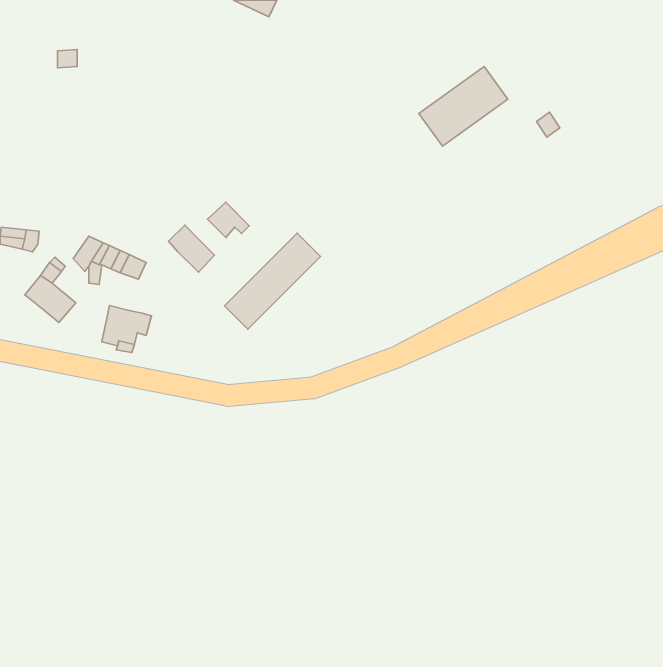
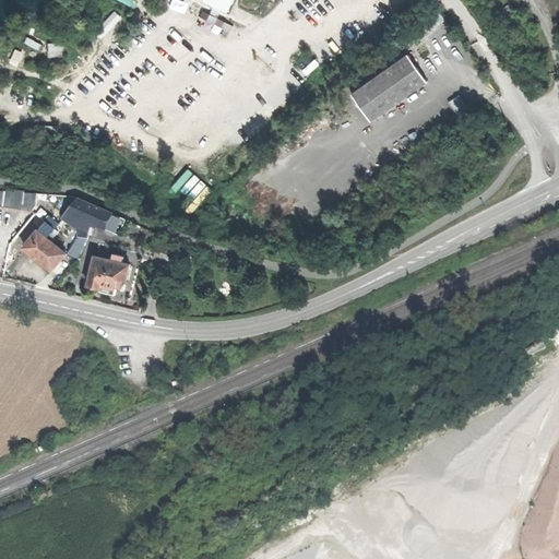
building: [169,225,215,272] -> none
building: [225,233,320,329] -> none

